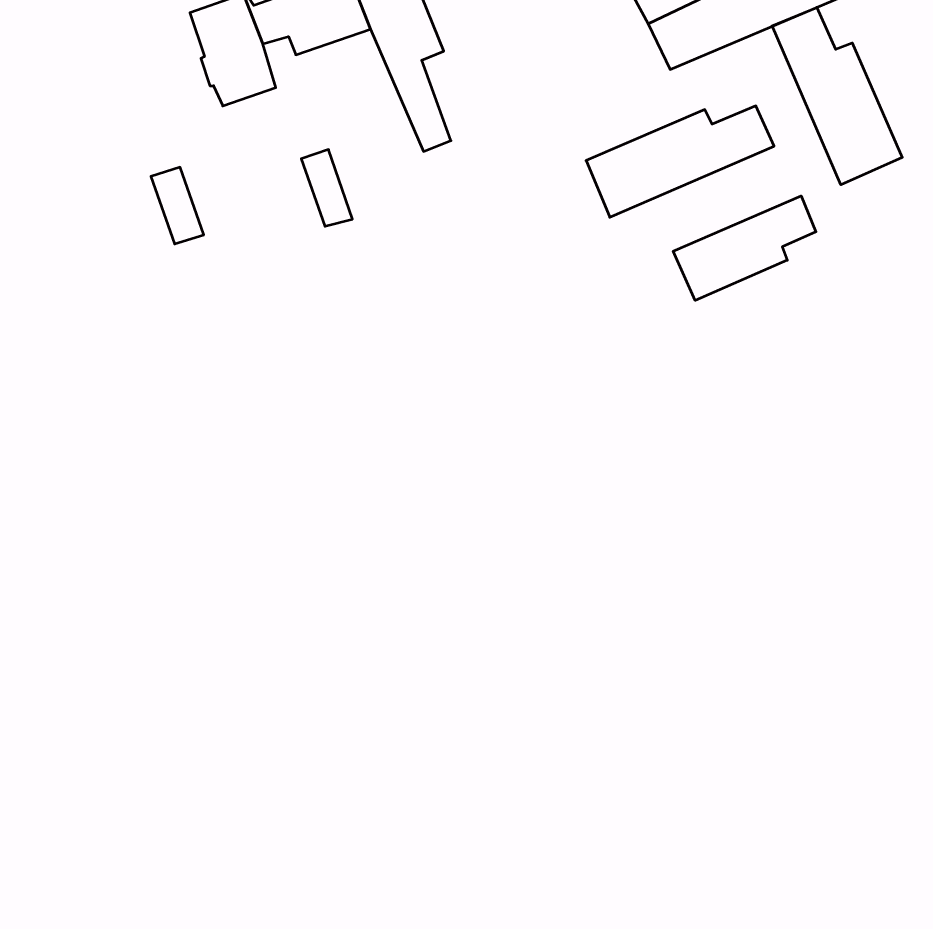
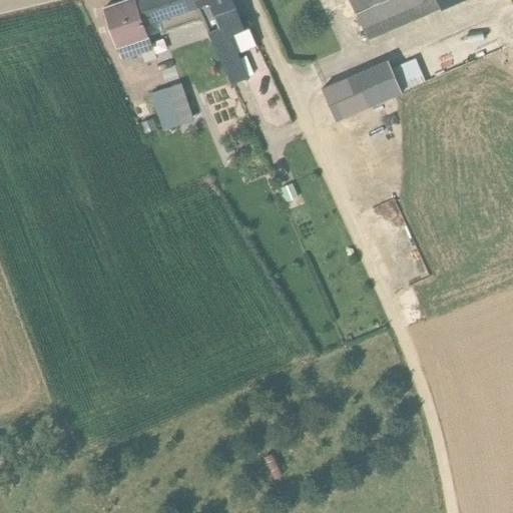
building: [772,7,902,185] -> none
building: [151,167,204,244] -> [149,87,178,129]
building: [673,196,816,300] -> none

